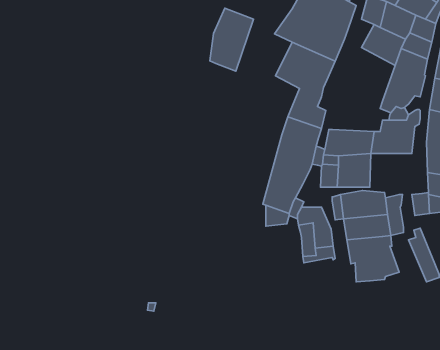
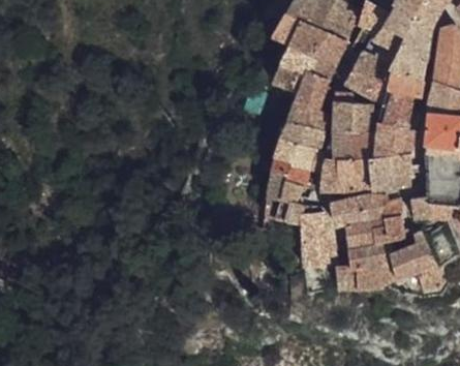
building: [210,8,254,71] -> none
building: none -> [344,53,394,105]
building: none -> [332,92,381,135]
building: none -> [369,157,410,190]
building: none -> [384,242,425,288]

